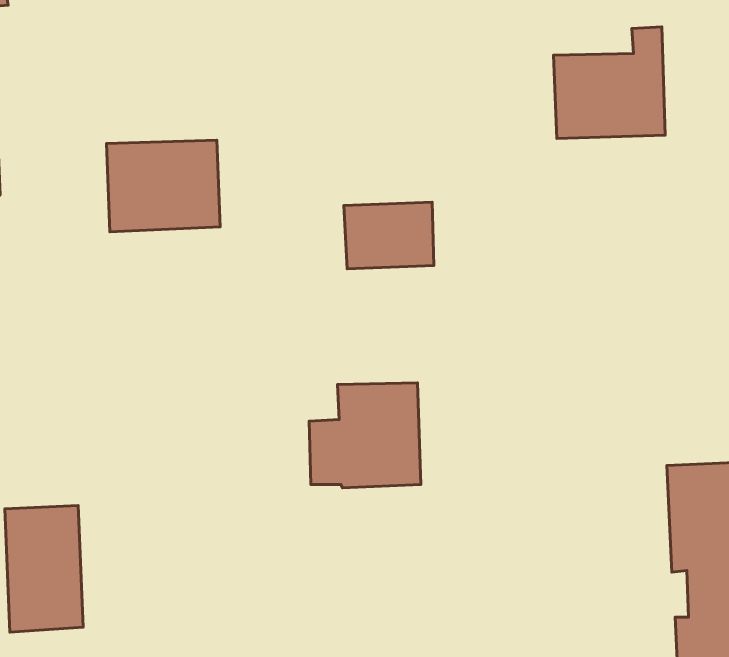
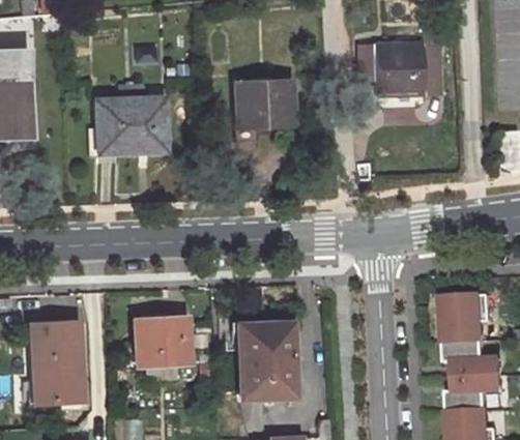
building: [344,202,434,269] -> [235,83,291,124]
building: [309,383,421,488] -> [222,327,291,392]
building: none -> [134,317,190,366]

